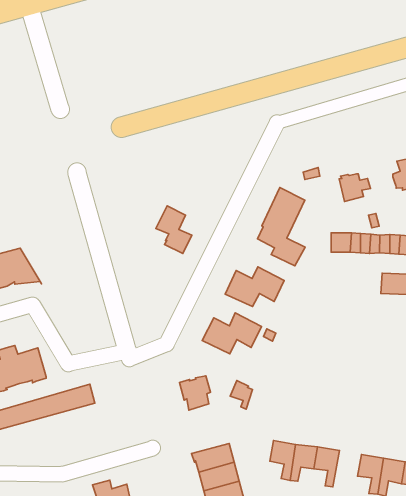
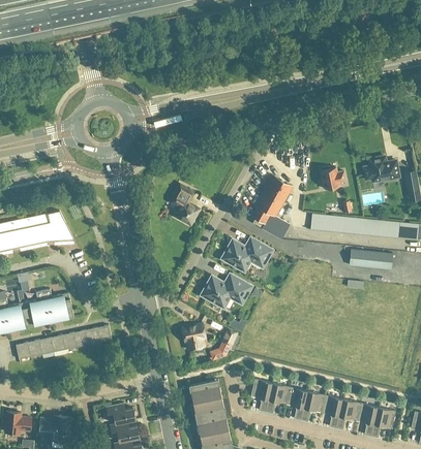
building: none -> [300,391,325,422]

